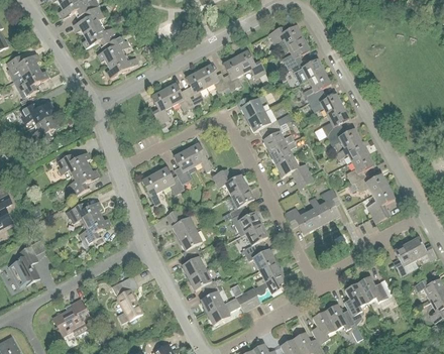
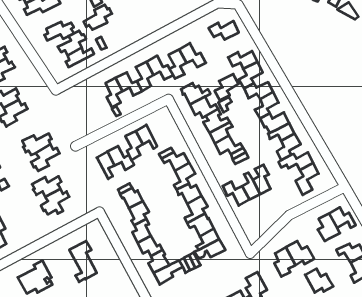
building: [74,6,106,34] -> [84,5,112,30]
building: [282,38,309,69] -> [215,74,239,101]
building: [324,304,356,331] -> [305,269,333,293]

